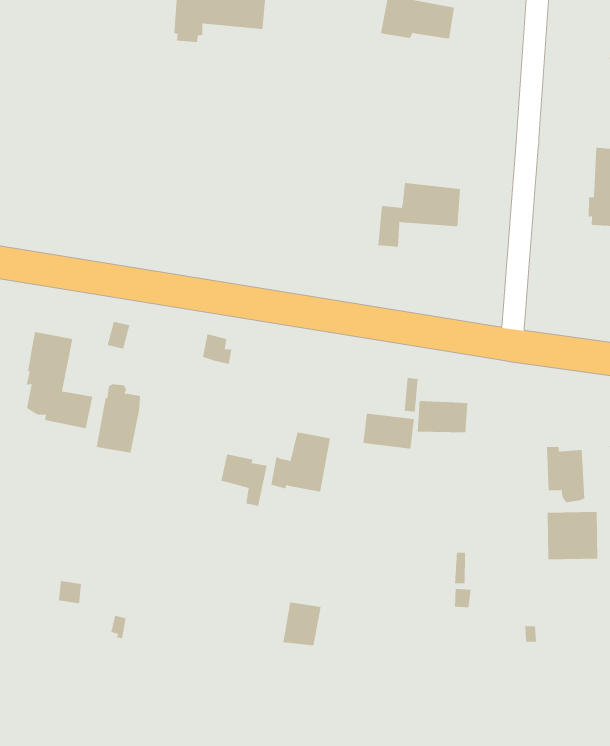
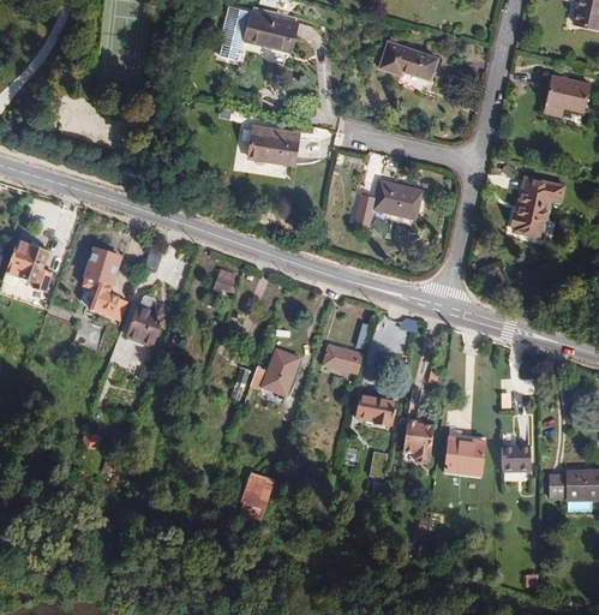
building: none -> [247,125,299,165]
building: [417,400,468,433] -> [355,395,396,424]
building: [546,446,585,503] -> [403,419,433,462]

